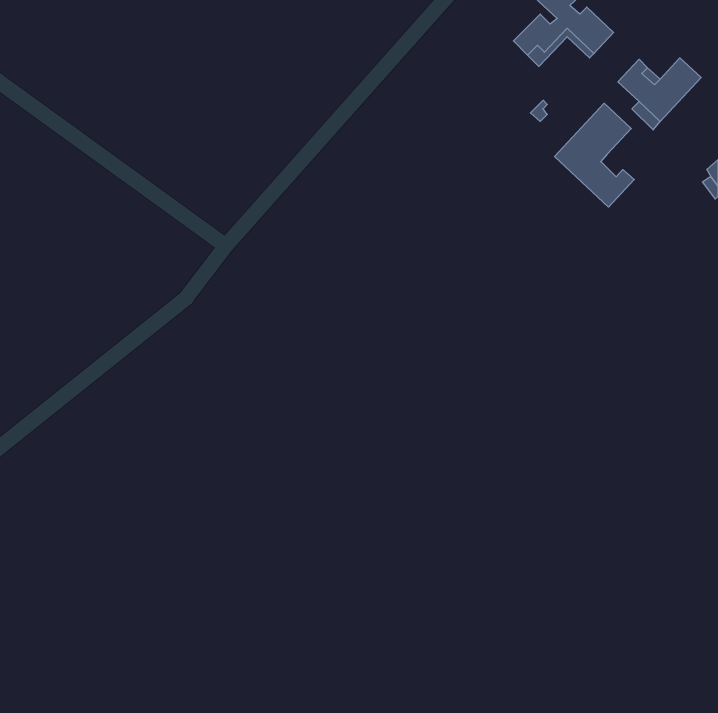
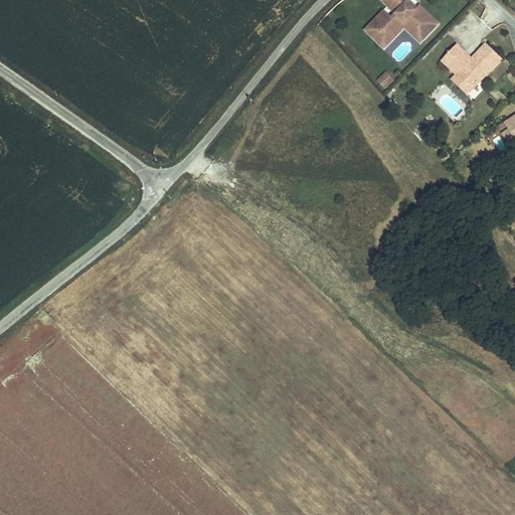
building: [555,103,634,207] -> none

